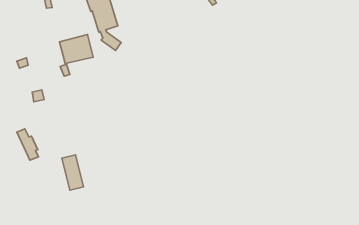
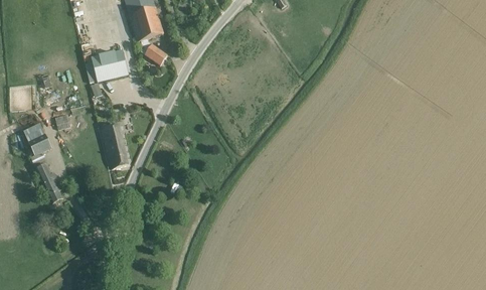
building: none -> [23,123,51,167]
building: [62,155,83,190] -> [102,124,129,168]

